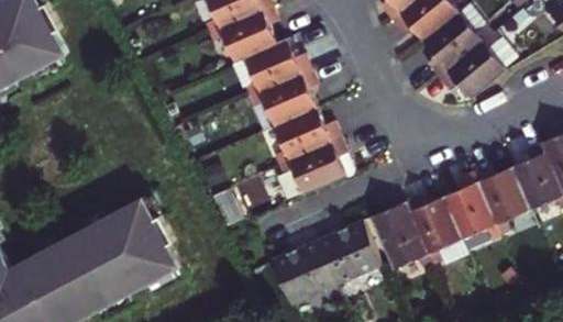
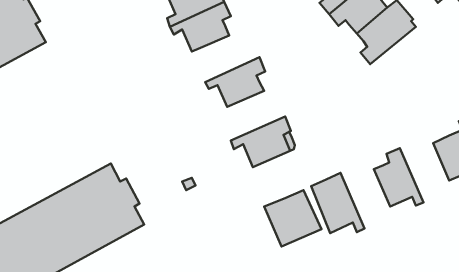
building: [439,34,512,100] -> none
building: [243,40,311,98] -> none
building: [274,108,341,165] -> none
building: [473,166,530,236] -> none
building: [405,196,462,266] -> none
building: [272,241,336,307] -> none

